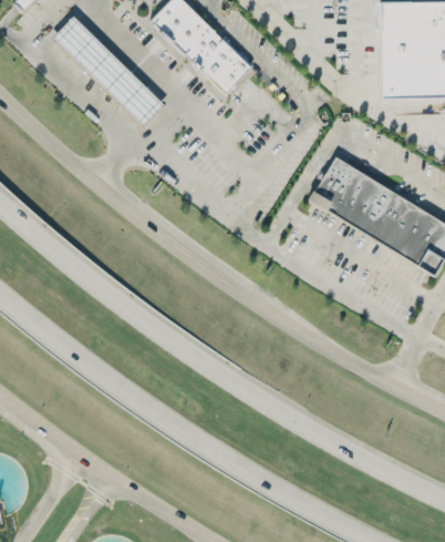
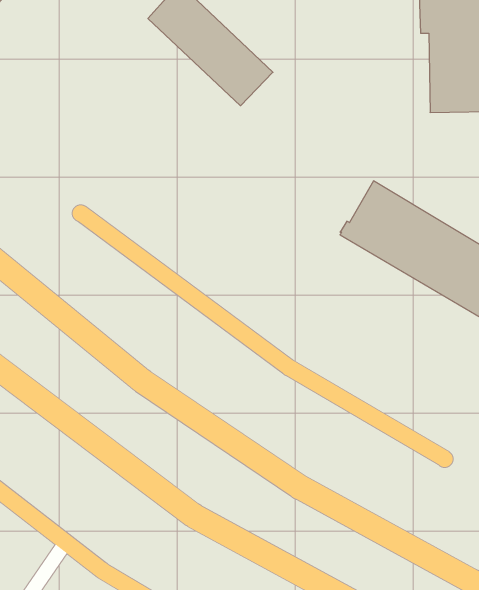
building: [54,16,166,126] -> none

